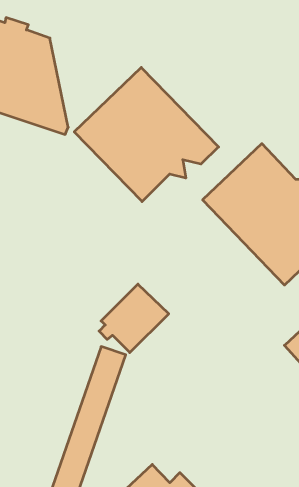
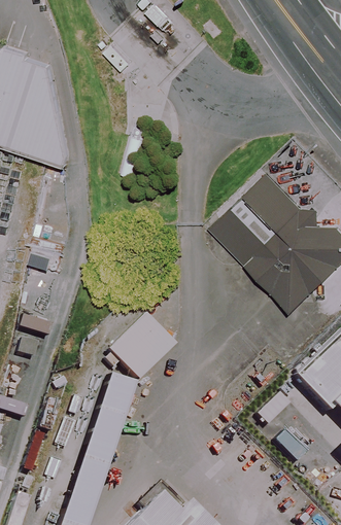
building: [74,67,219,202] -> none

